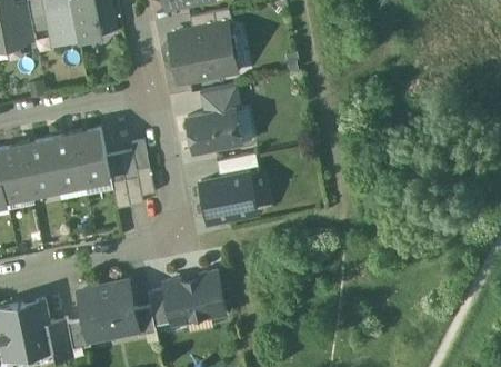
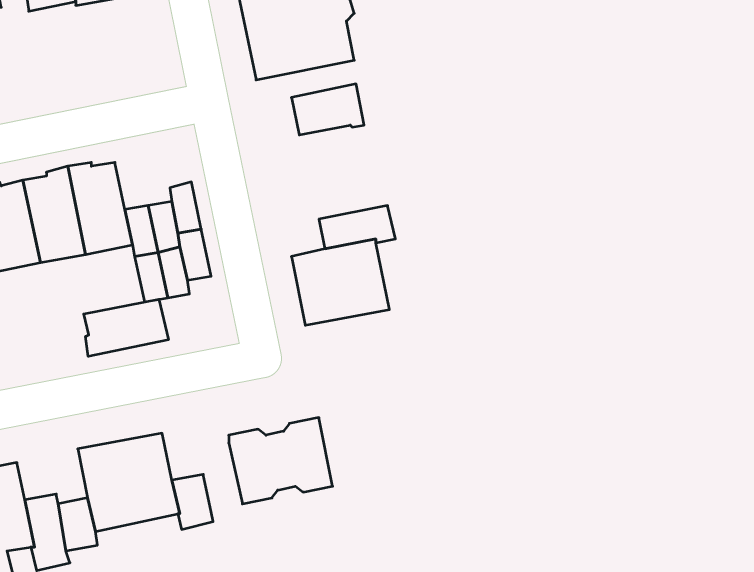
building: [187,109,241,153] -> none
building: none -> [84,299,168,356]
building: [148,289,172,328] -> none

